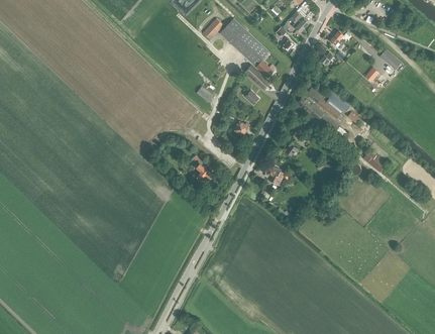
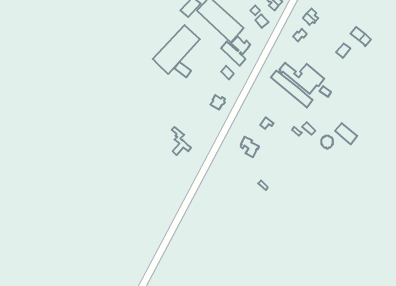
building: none -> [153,25,200,74]

